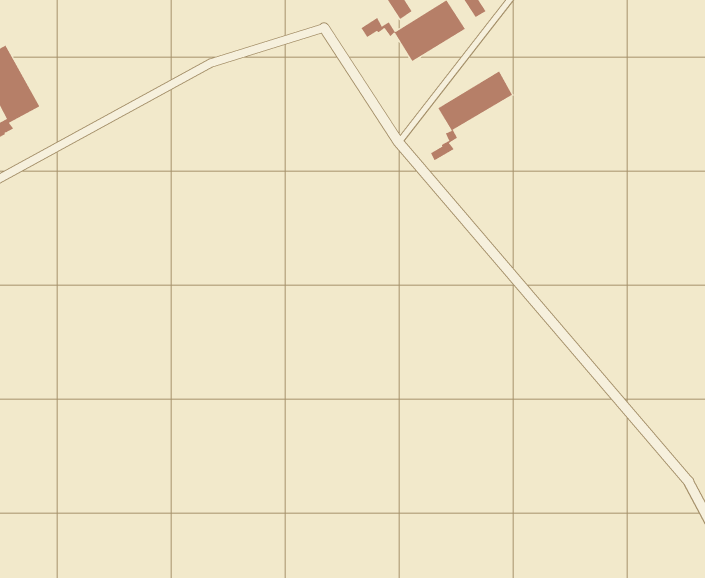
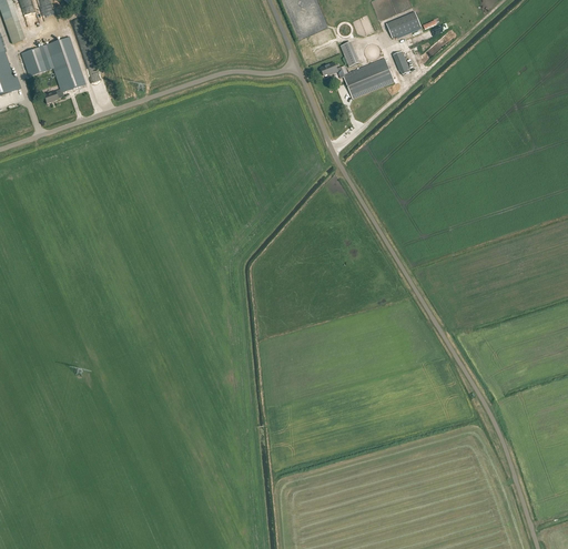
building: [430,70,513,161] -> none

